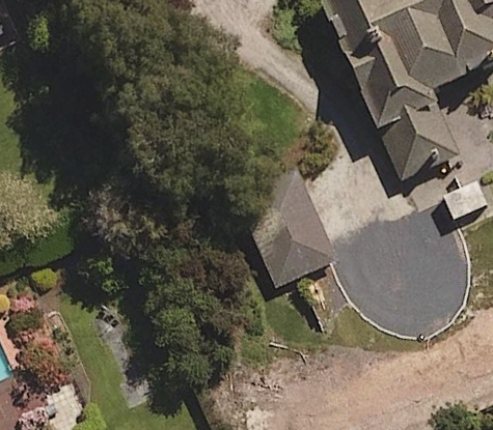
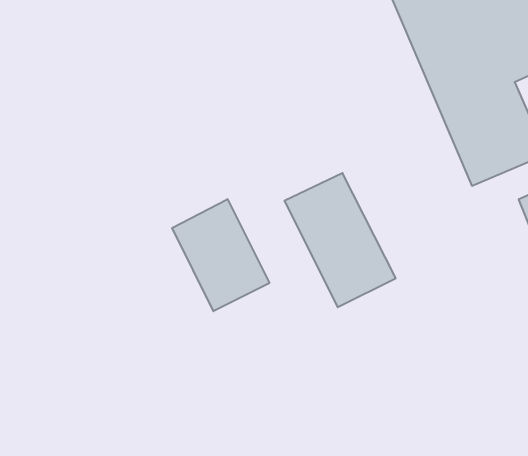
building: none -> [172,199,269,311]

